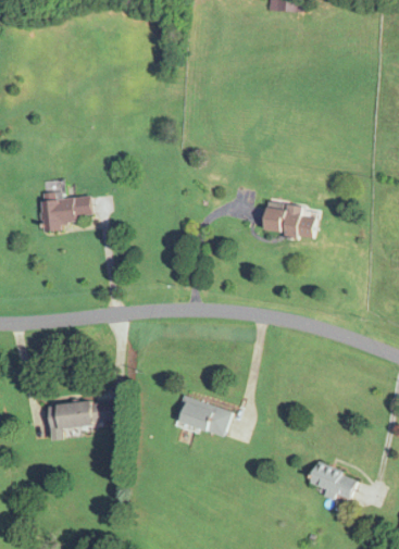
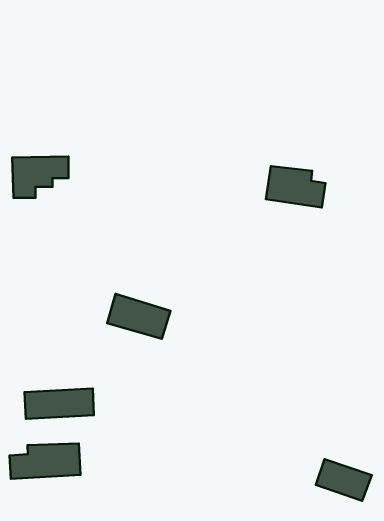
building: [174,396,230,436] -> [107,294,170,339]
building: none -> [10,444,80,479]

